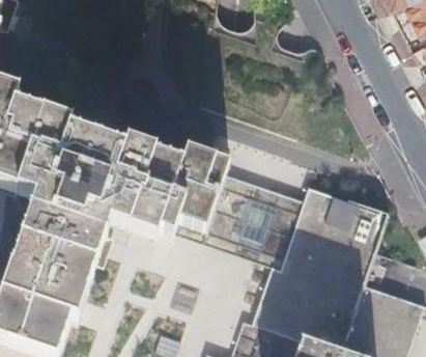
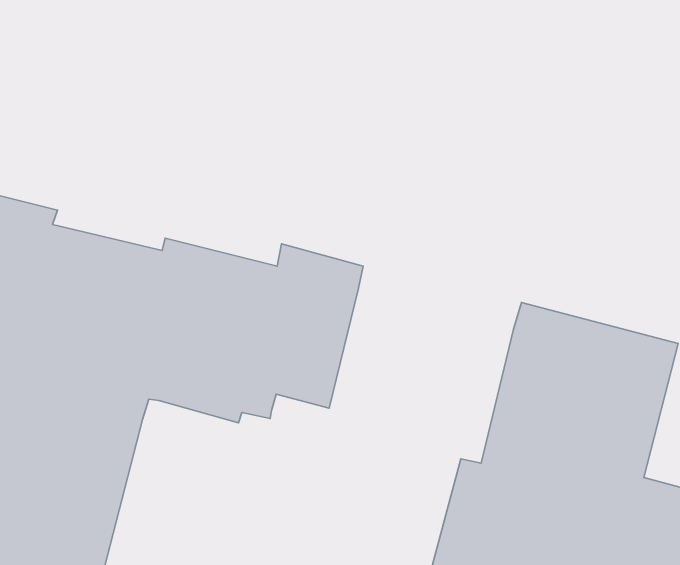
building: [174,170,303,266] -> none

